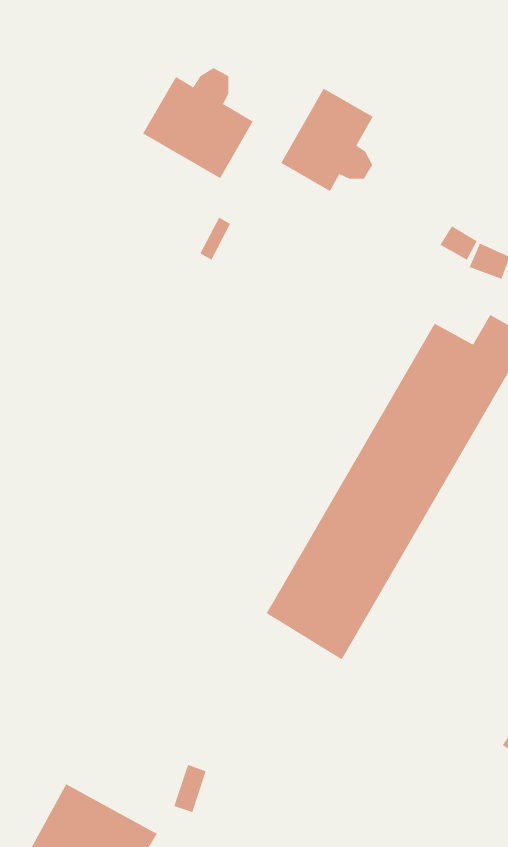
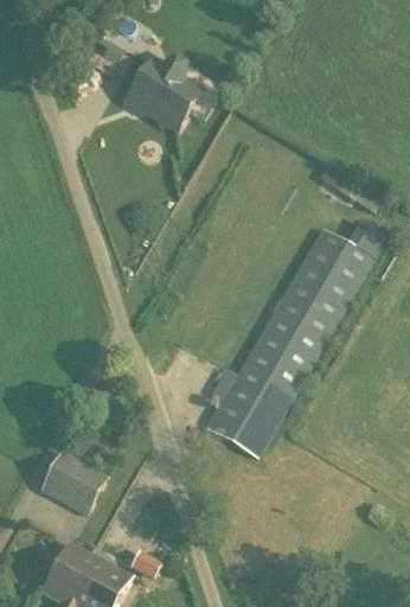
building: [280,88,373,192] -> none
building: none -> [39,451,108,516]

